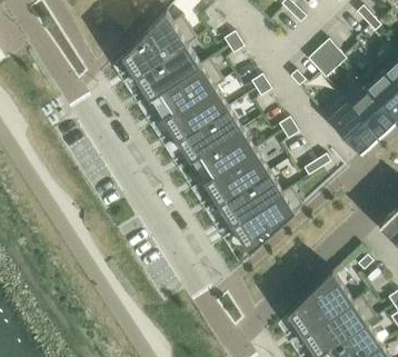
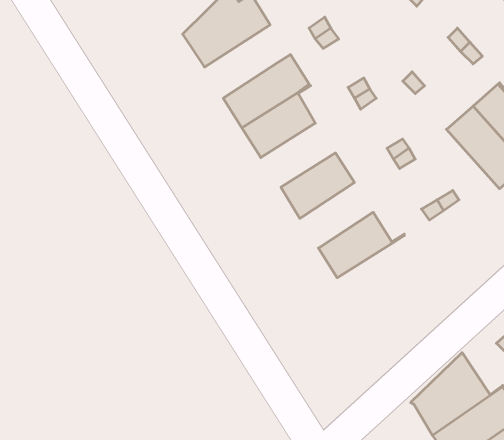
building: [148,39,209,91] -> none
building: [188,109,241,155] -> none
building: [216,151,268,198] -> none
building: [242,189,301,245] -> none

